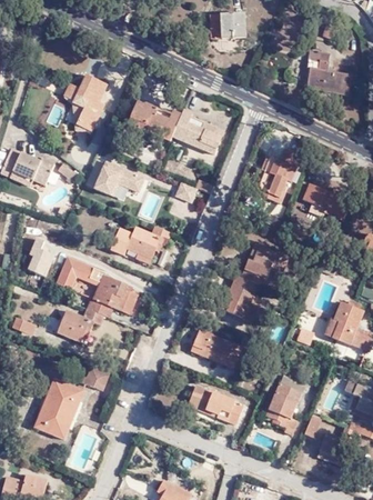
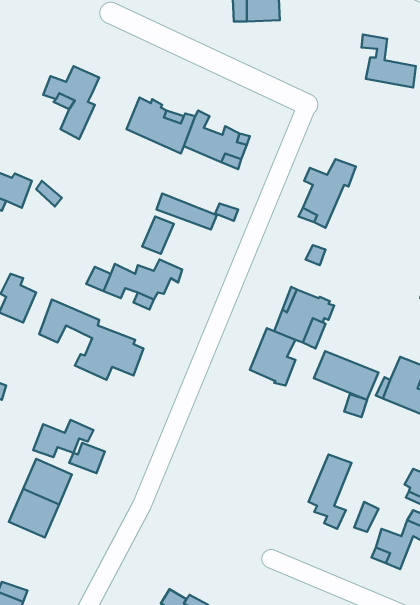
building: [94,156,145,197] -> none
building: [302,184,341,214] -> none
building: [59,307,105,336] -> [33,420,93,457]
building: [191,331,241,369] -> [314,351,378,400]
building: [187,384,242,427] -> none

